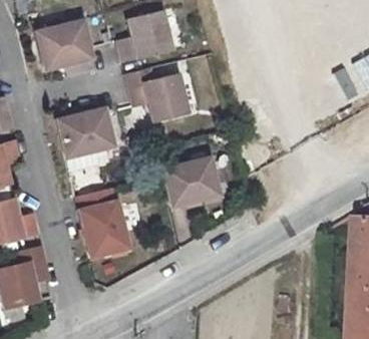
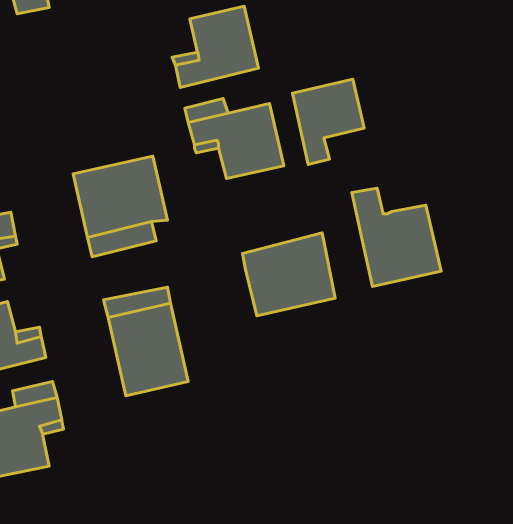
building: [35,19,93,70] -> none
building: none -> [292,79,364,164]
building: none -> [352,188,441,287]

